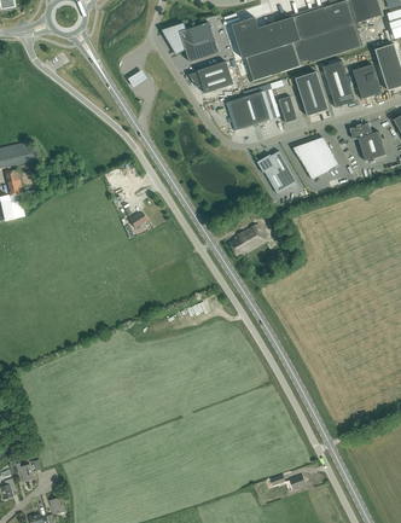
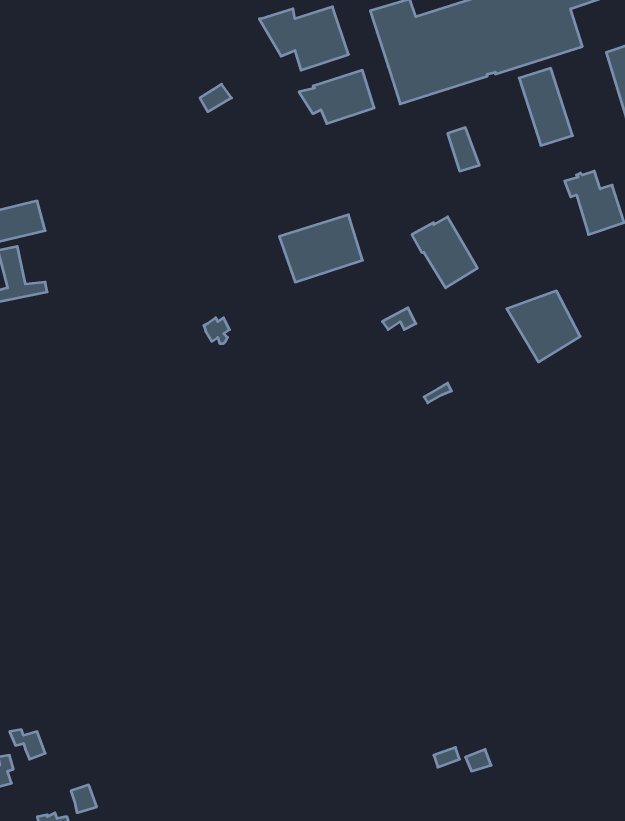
building: [353,63,382,98] -> none
building: [296,70,329,115] -> none
building: [226,88,277,129] -> [279,215,363,282]
building: [294,135,338,179] -> [507,291,580,362]
building: [228,222,268,256] -> none

